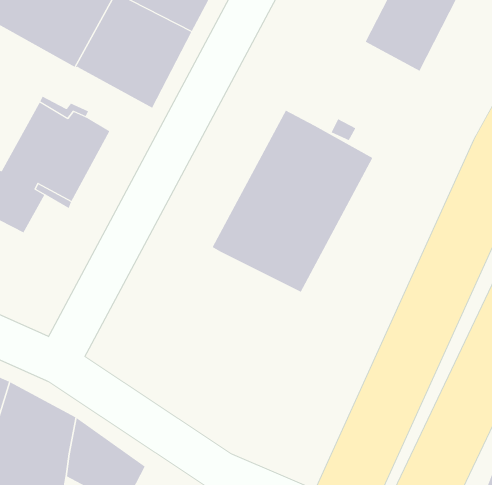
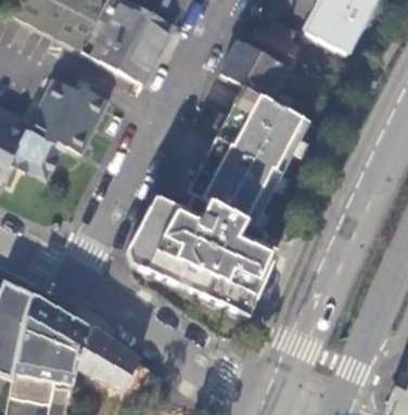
building: none -> [221,20,298,96]
building: none -> [128,193,273,315]

